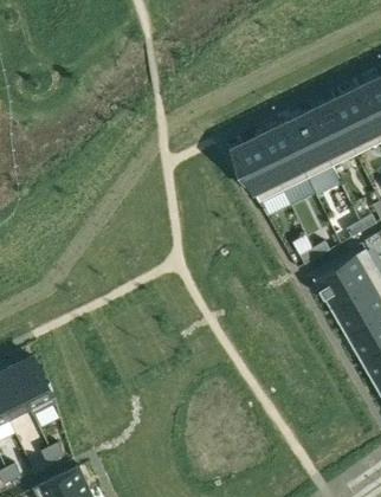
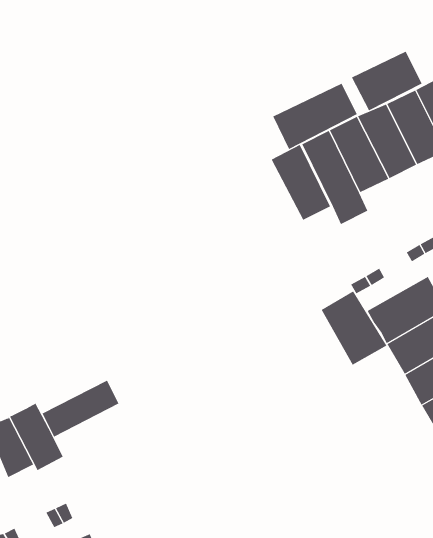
building: none -> [351,51,422,111]
building: none -> [273,83,358,150]
building: none -> [321,291,387,365]
building: none -> [42,380,119,437]

